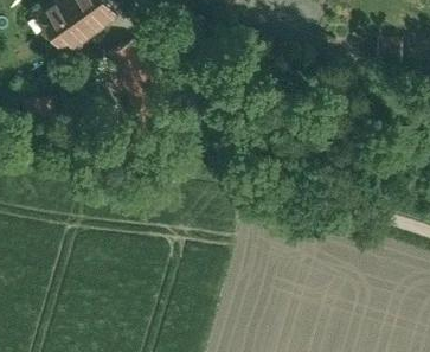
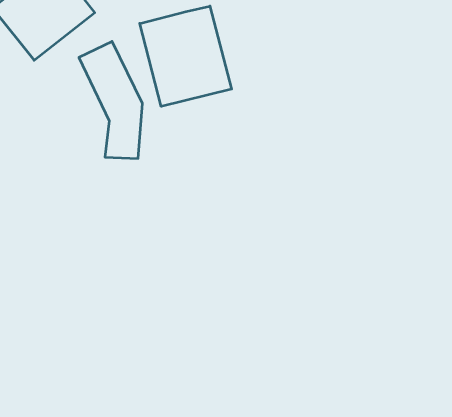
building: none -> [140,6,232,106]

